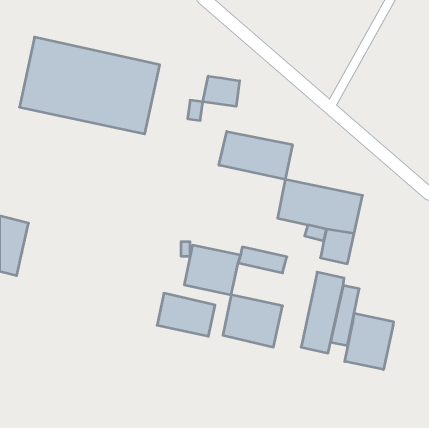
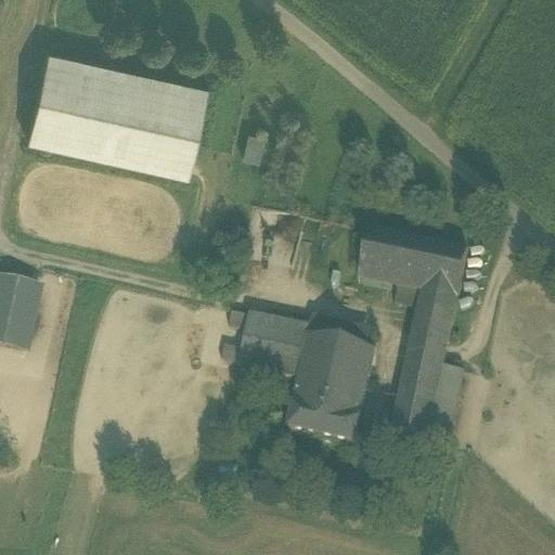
building: [203,76,240,106] -> none
building: [219,131,292,179] -> none
building: none -> [409,332,448,358]
building: [157,293,215,336] -> [298,338,373,393]
building: [345,313,393,370] -> none

